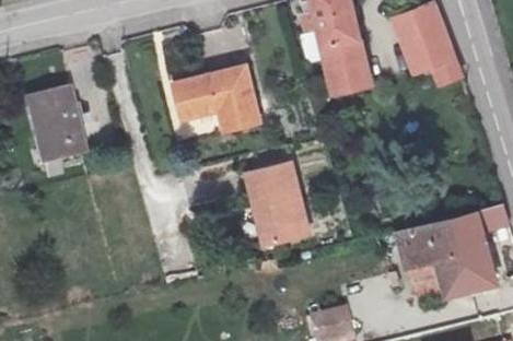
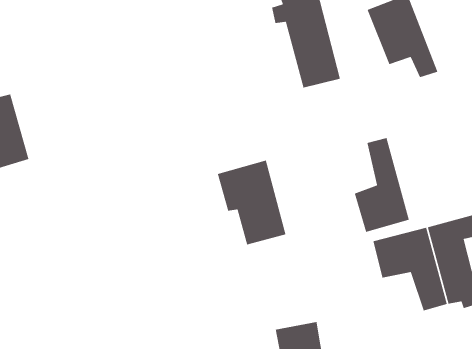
building: [176,63,259,125] -> none
building: none -> [354,137,410,233]

